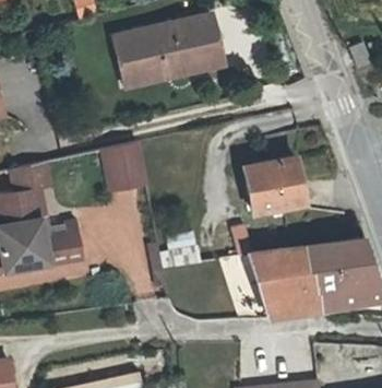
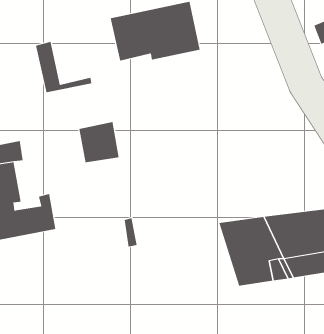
building: [121,42,180,95] -> [35,41,92,93]
building: [246,156,307,212] -> none

